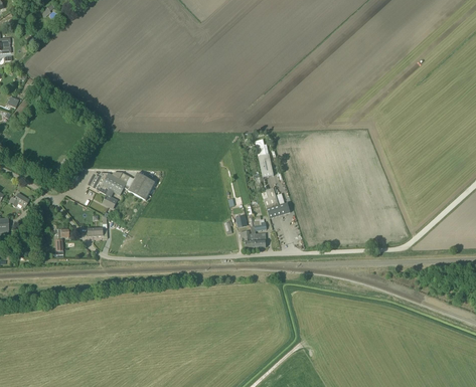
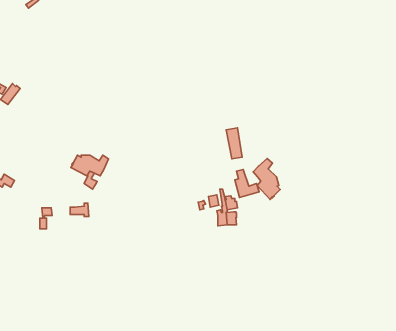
building: [124,172,155,200] -> none
building: none -> [253,159,280,200]

